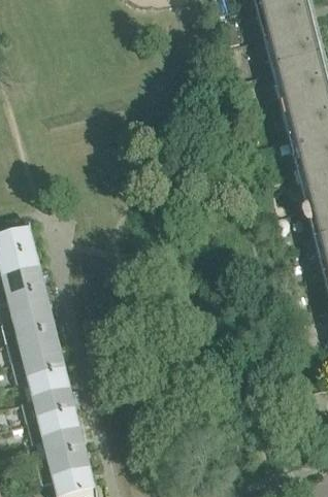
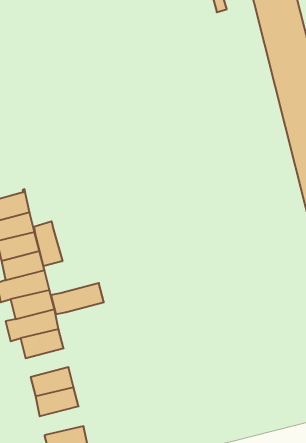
building: none -> [34,221,62,266]
building: [22,391,76,423] -> [51,283,104,314]
building: [37,451,92,484] -> none

